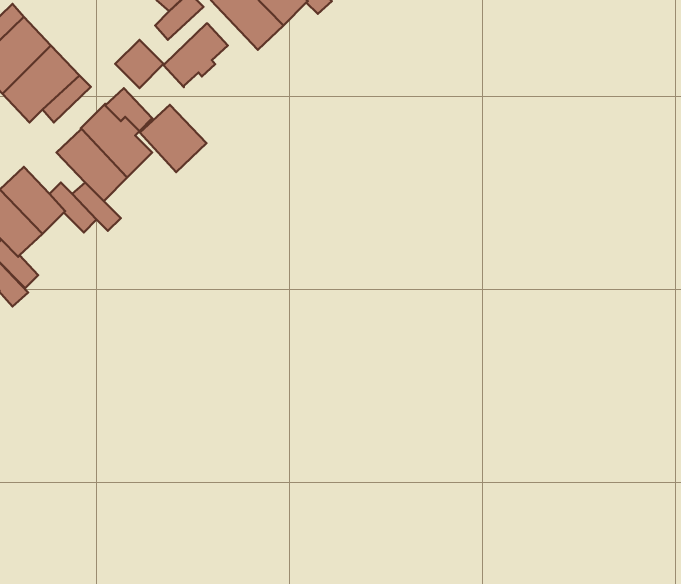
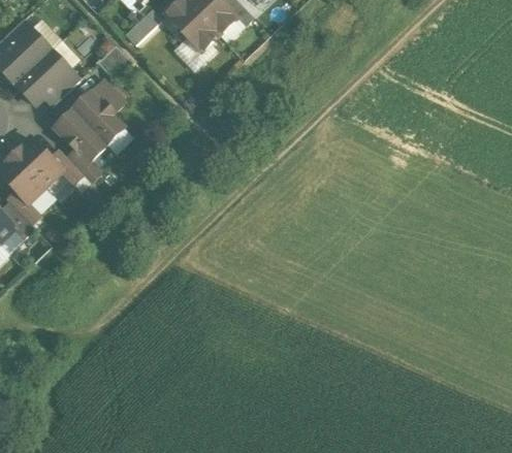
building: [164,24,228,87] -> none
building: [140,105,207,172] -> none

